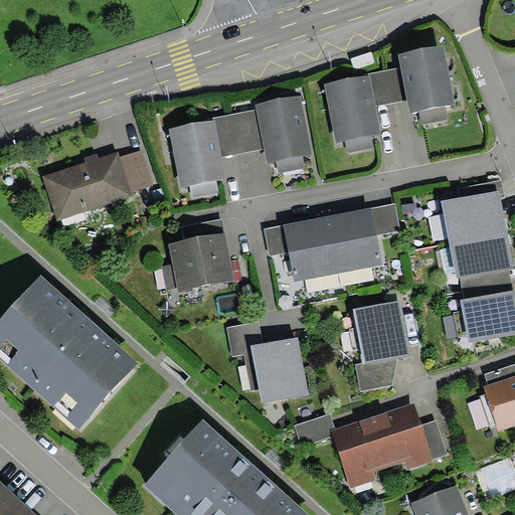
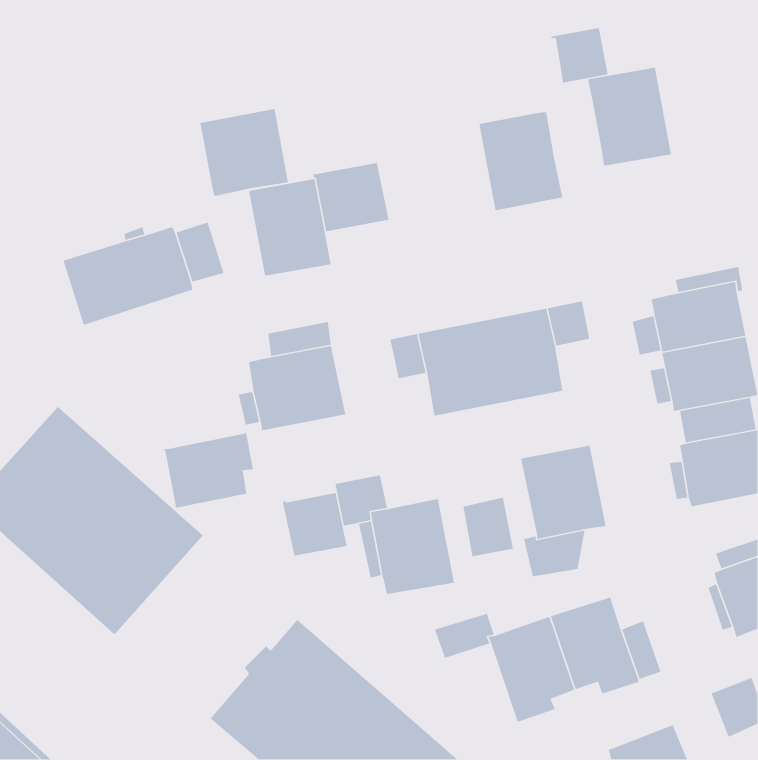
building: [367,67,406,106] -> [551,27,609,84]
building: none -> [199,108,289,197]
building: [254,97,311,163] -> none
building: none -> [163,433,254,508]
building: none -> [282,492,347,557]
building: none -> [462,497,514,557]

